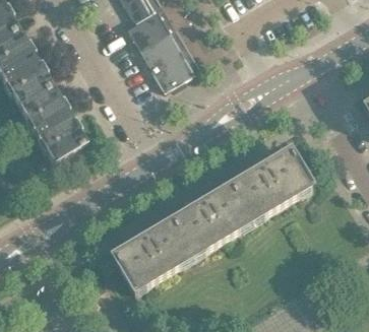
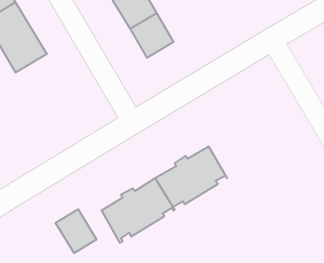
building: [19,84,88,162] -> none
building: [232,149,312,220] -> none
building: none -> [56,209,97,253]

